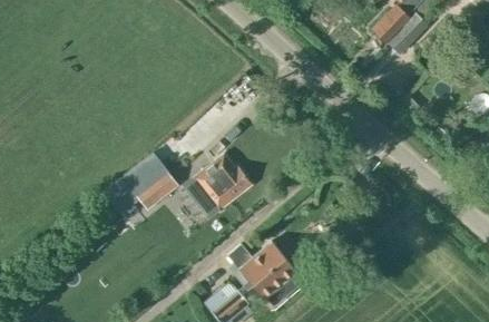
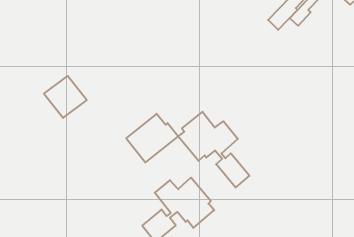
building: none -> [178,112,249,188]
building: [121,155,178,211] -> [44,76,87,118]

